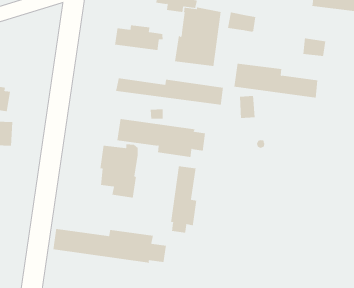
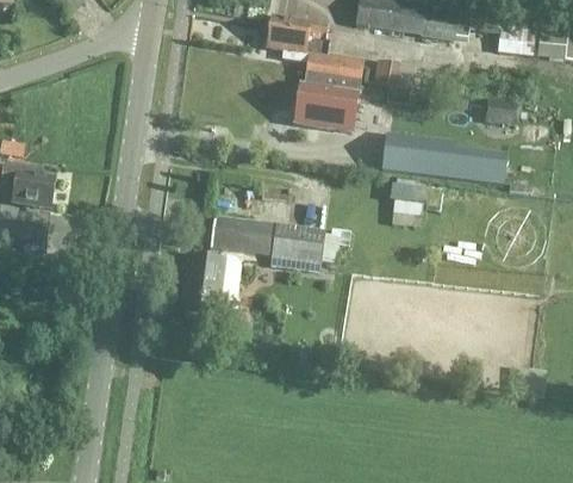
building: [114,24,163,51] -> none
building: [115,78,224,106] -> none
building: [171,165,197,234] -> none
building: [53,228,166,263] -> none

